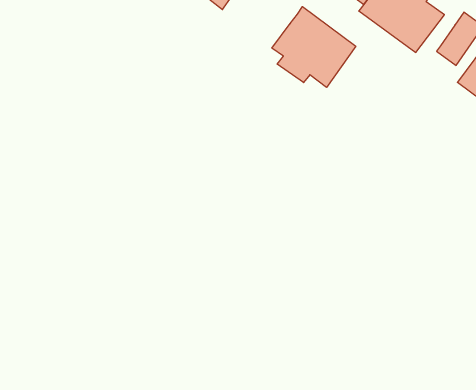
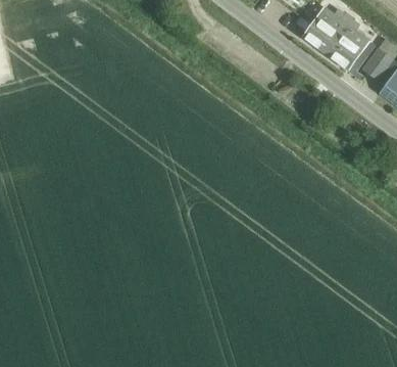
building: [272,7,356,87] -> none

